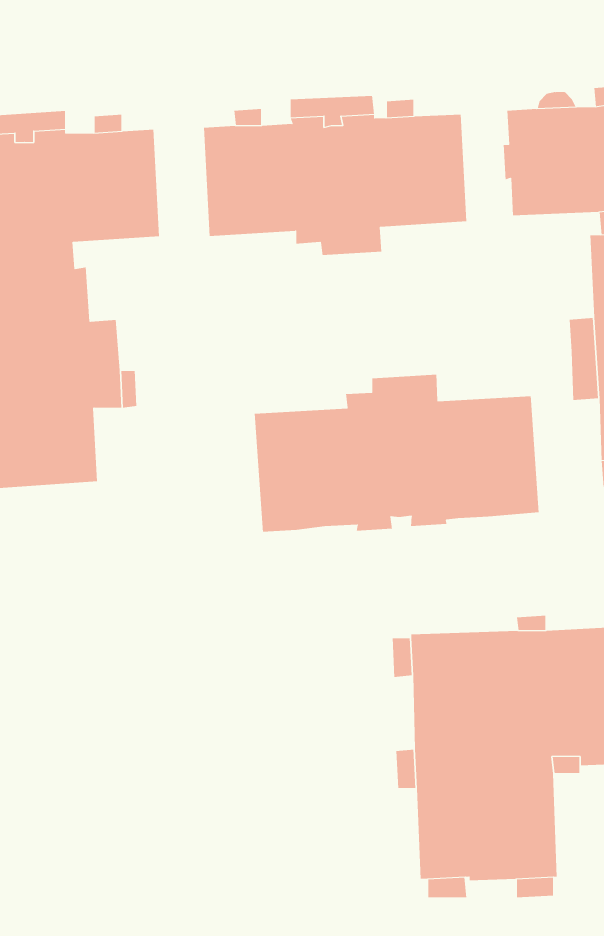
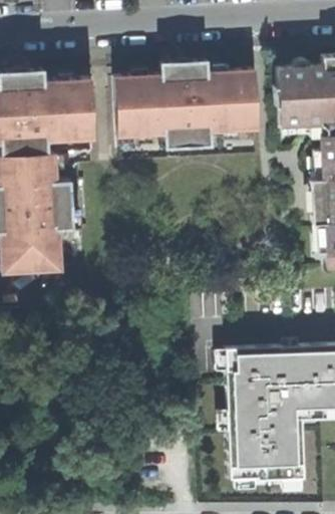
building: [254,374,539,533] -> none

